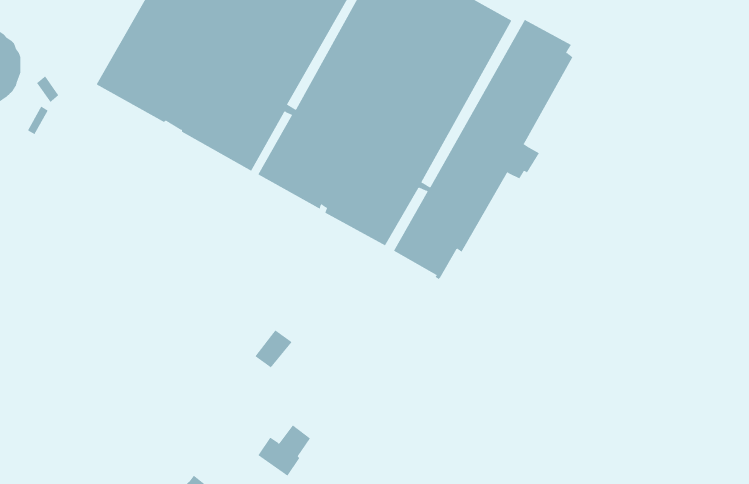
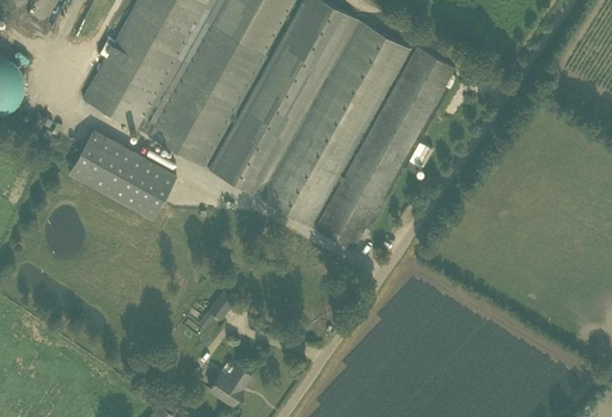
building: none -> [66,129,173,219]

